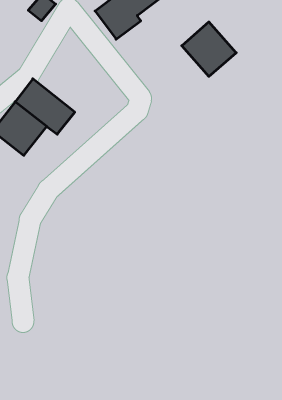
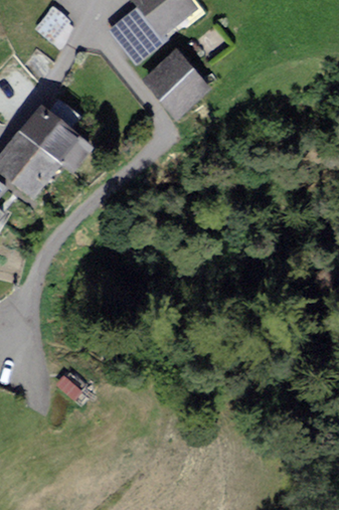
building: [182,22,236,76] -> [145,51,207,114]

